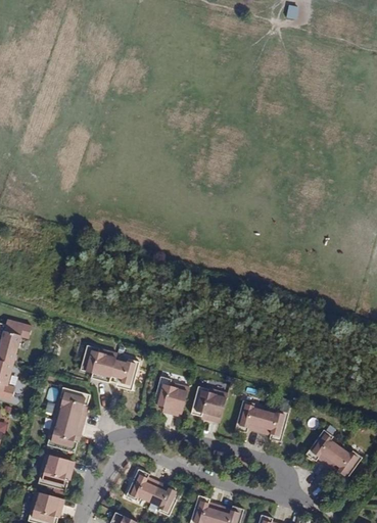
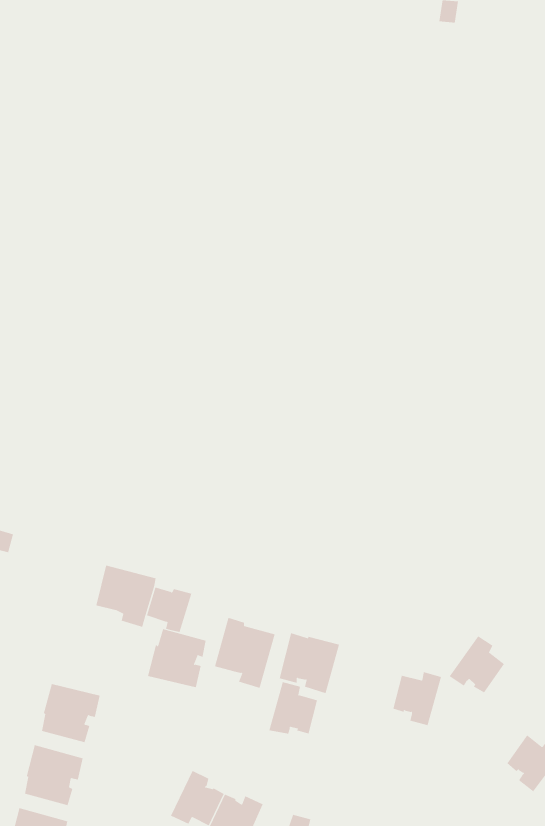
building: [53,388,89,424] -> [147,629,207,688]
building: [234,400,264,432] -> [269,681,318,734]
building: [305,430,339,465] -> [449,635,505,693]

